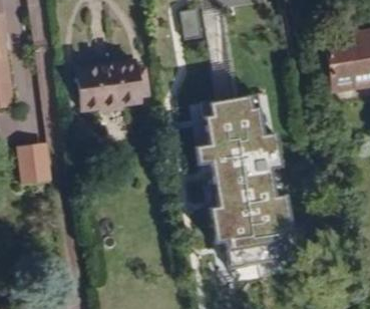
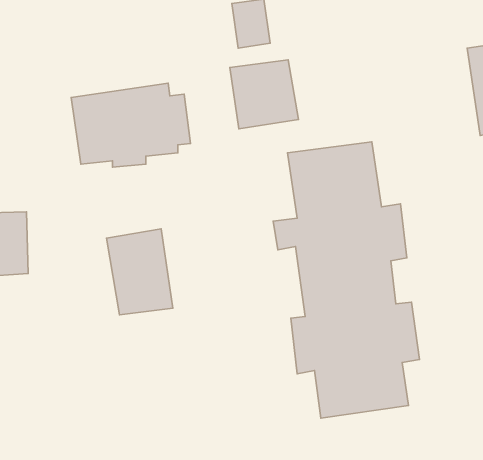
building: none -> [230,60,299,129]
building: none -> [107,229,173,315]

